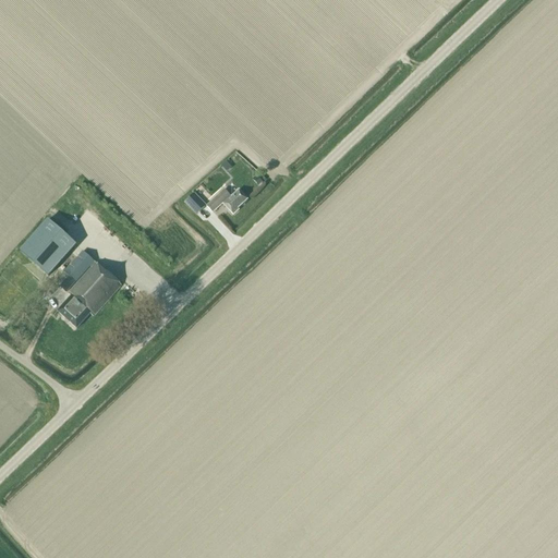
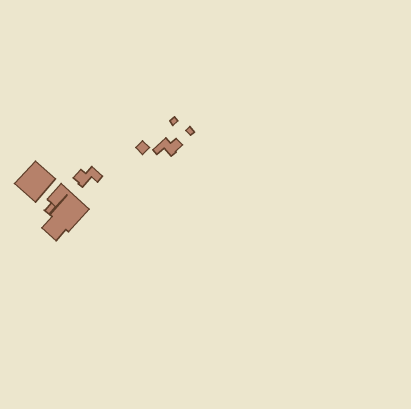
building: none -> [73,166,102,187]

